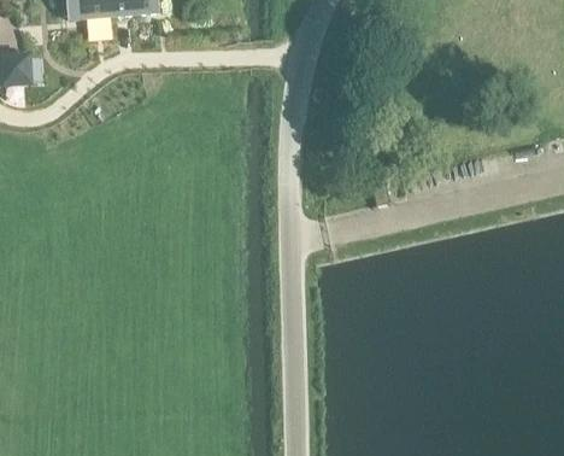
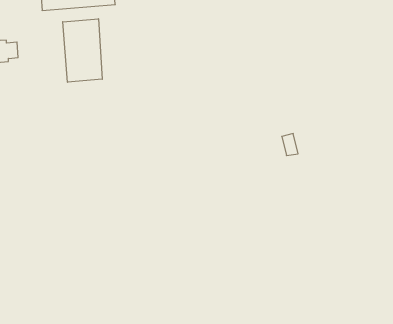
building: none -> [63,19,102,82]

